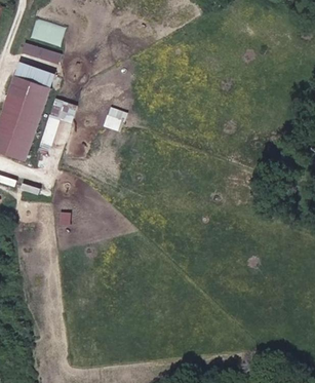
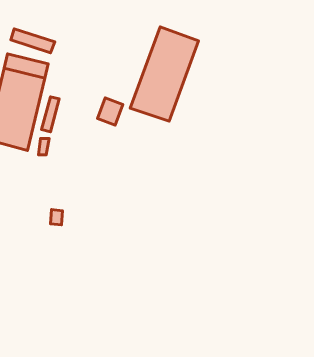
building: none -> [130,27,198,121]

